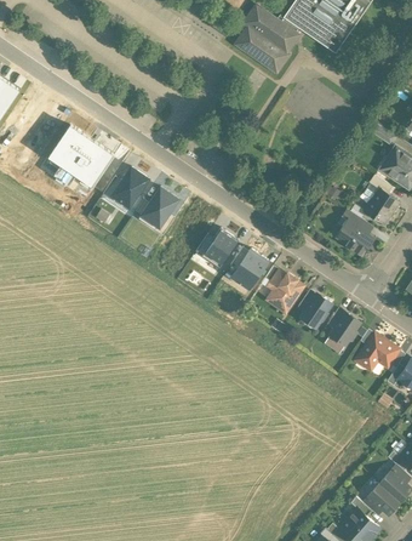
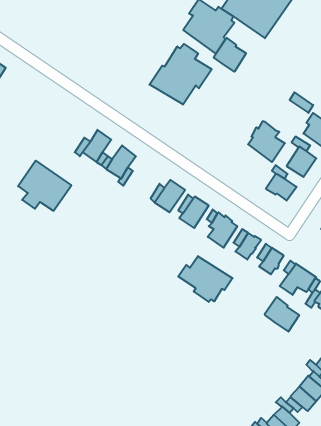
building: none -> [214,38,246,72]
building: none -> [149,44,212,105]
building: [48,125,114,187] -> [18,161,71,211]
building: none -> [248,121,285,162]
building: none -> [178,256,233,302]
building: none -> [265,297,299,332]

